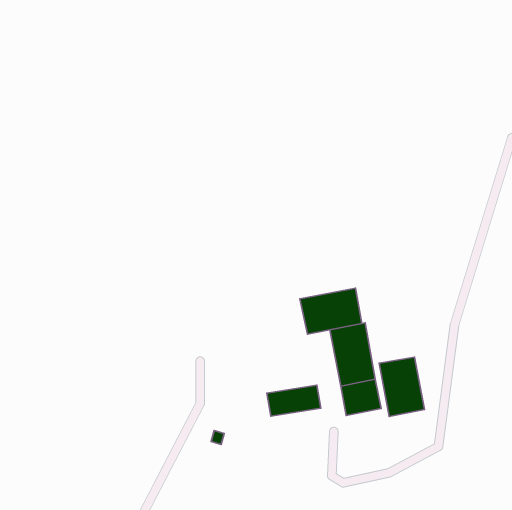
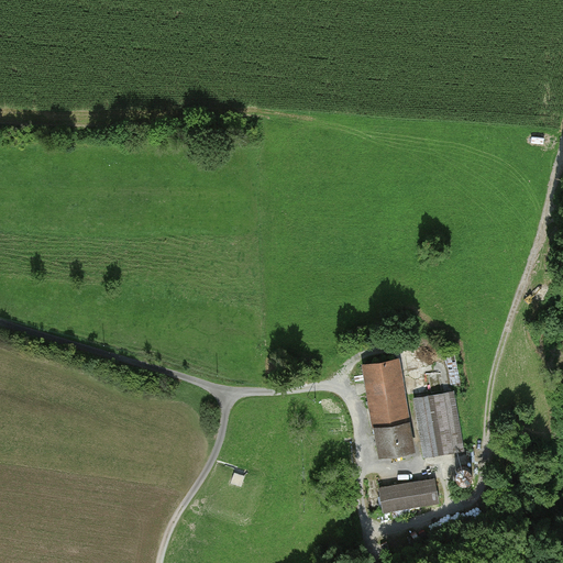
building: [300,288,362,334] -> none
building: [267,385,321,416] -> [378,478,438,512]

